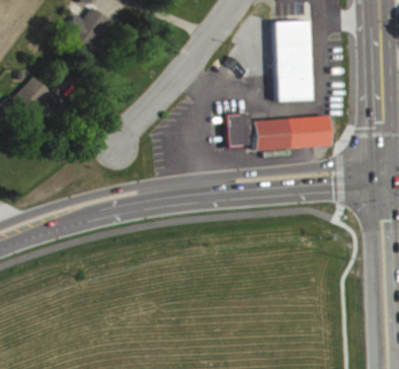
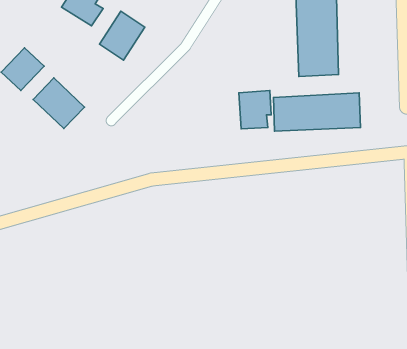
building: none -> [99,11,145,60]
building: none -> [33,78,85,129]

